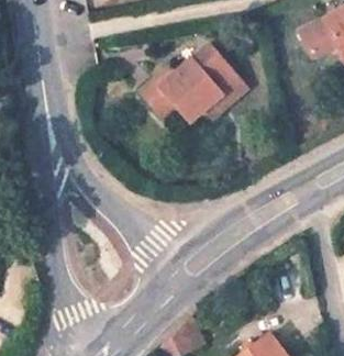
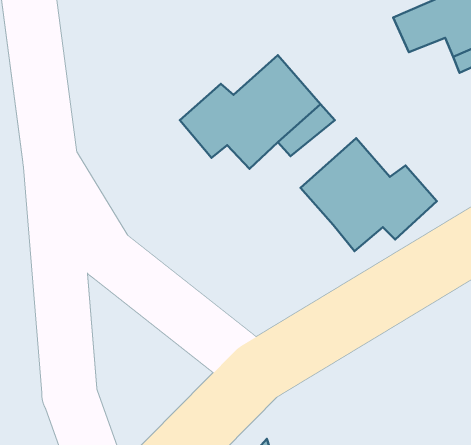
building: none -> [301,138,437,251]

